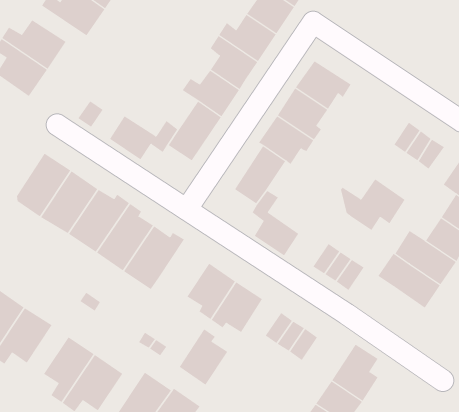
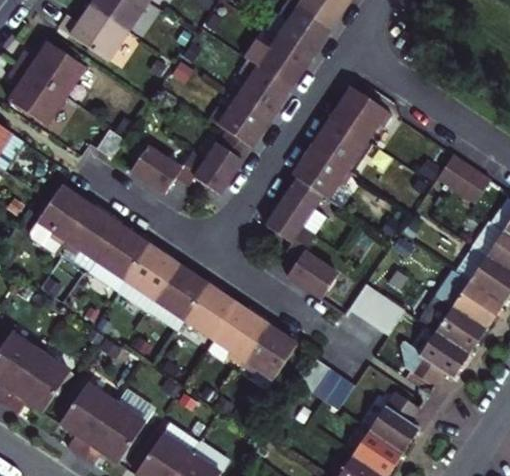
building: [340,178,406,231] -> [400,330,470,386]
building: [179,328,228,385] -> [185,279,238,340]

